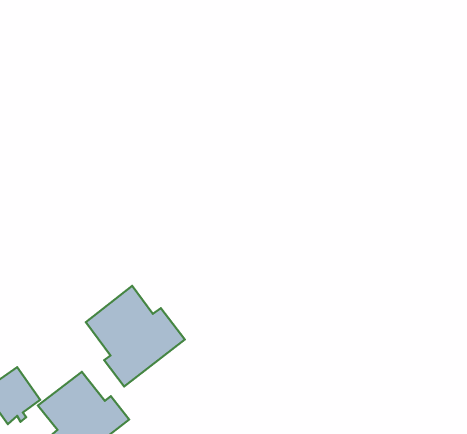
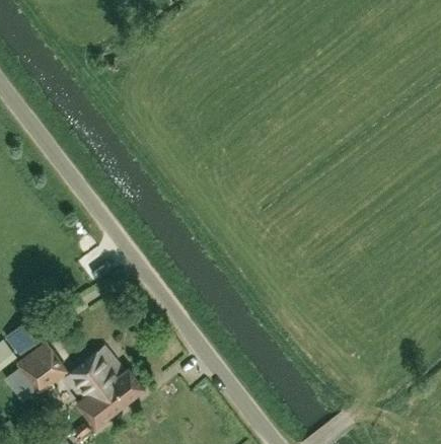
building: [86,286,185,387] -> none

